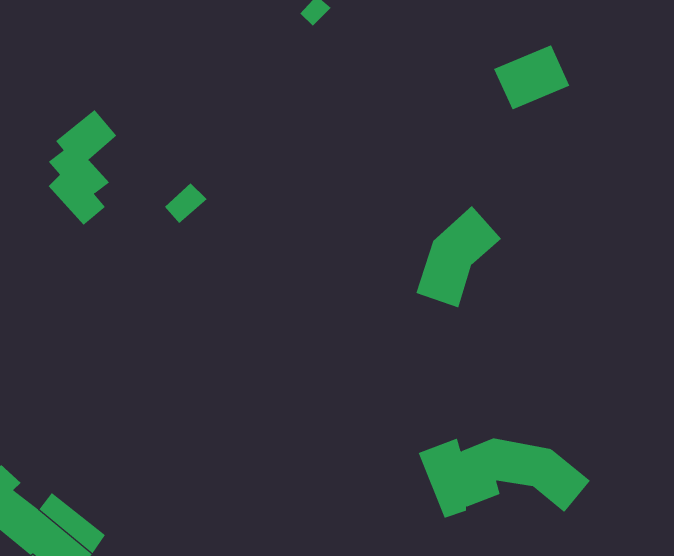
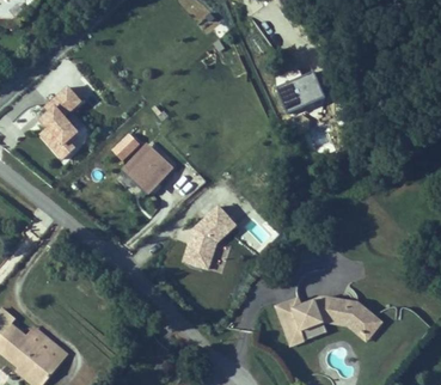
building: [493,45,570,110] -> [275,71,324,112]
building: none -> [120,141,173,194]
building: [415,205,502,308] -> [180,203,235,269]

